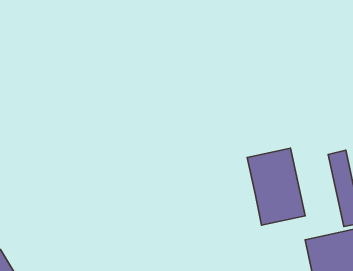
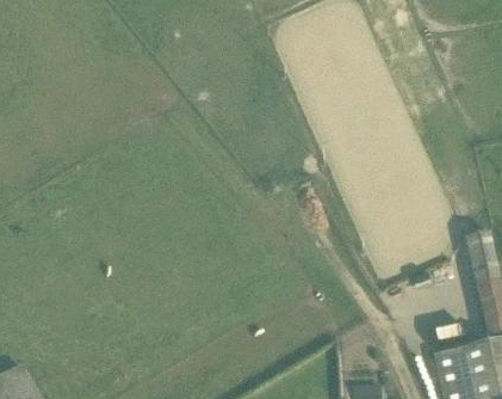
building: [247,148,305,225] -> none

